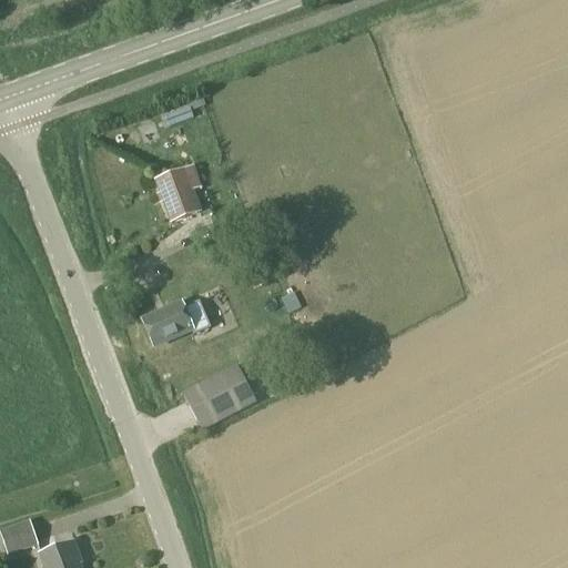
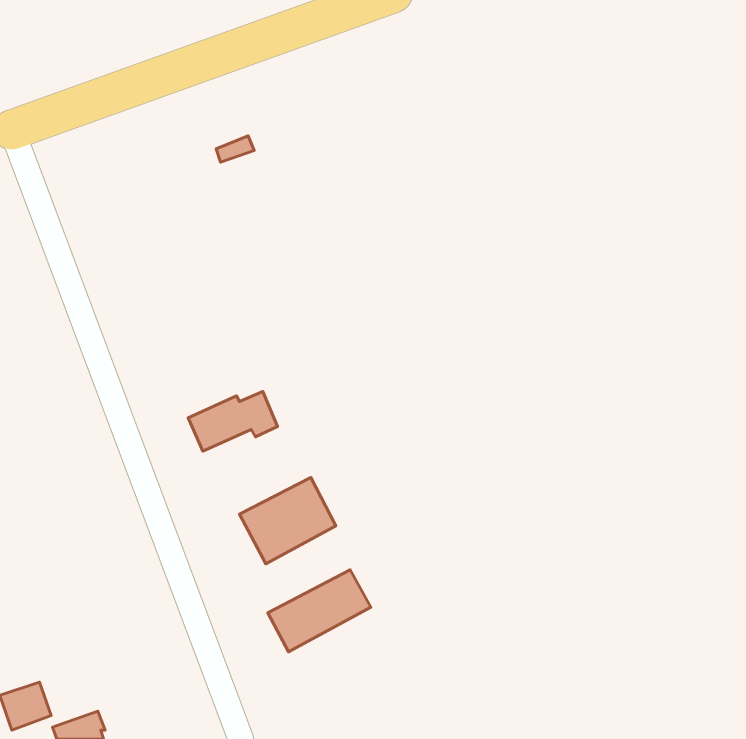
building: [155,165,201,220] -> none
building: none -> [268,570,371,652]

